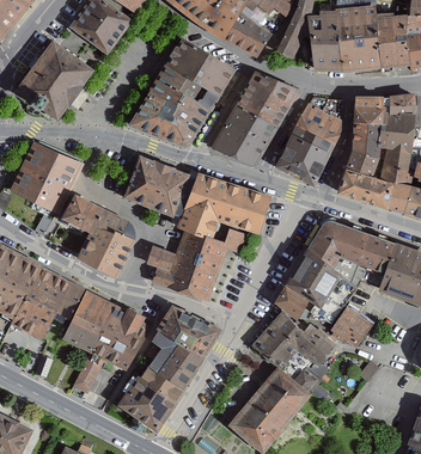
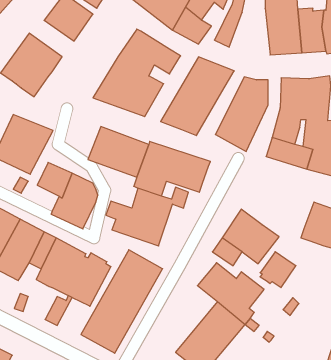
building: [309,13,342,69] -> none
building: [307,223,395,278] -> none

